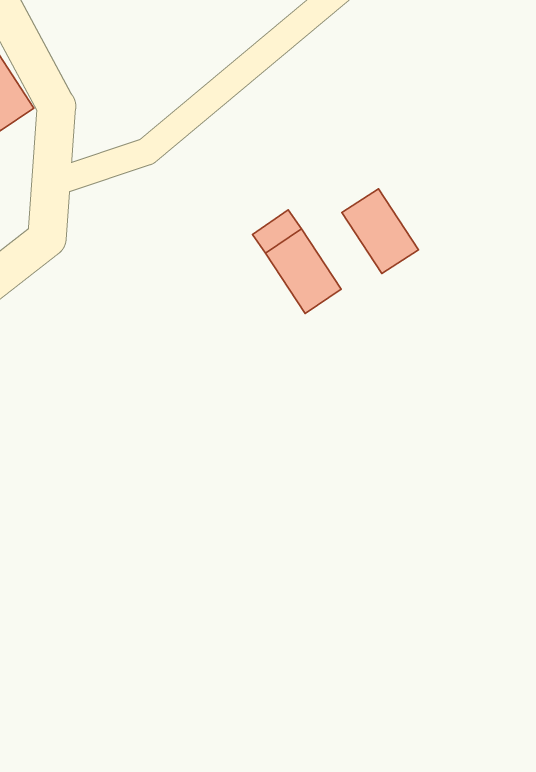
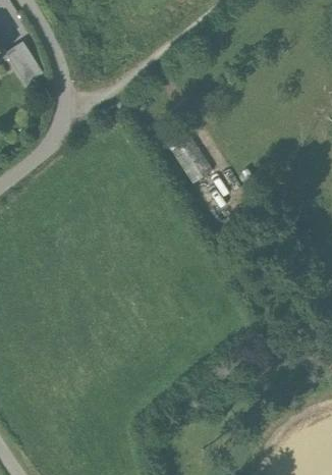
building: [342,189,419,273] -> none

